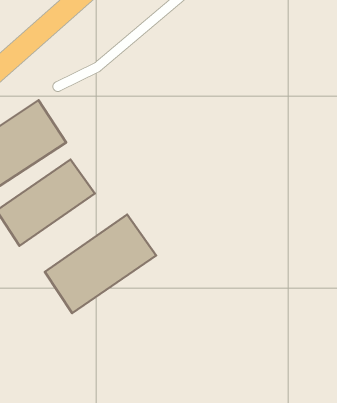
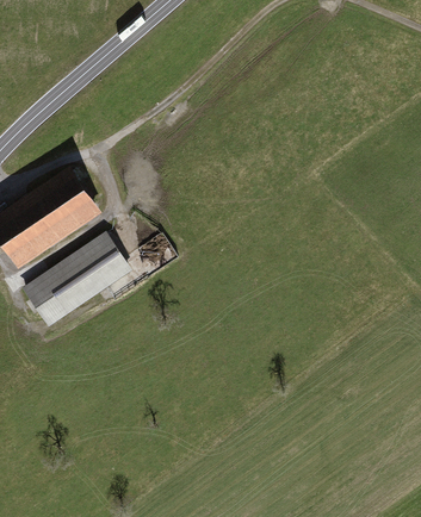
building: [45,215,156,313] -> none

